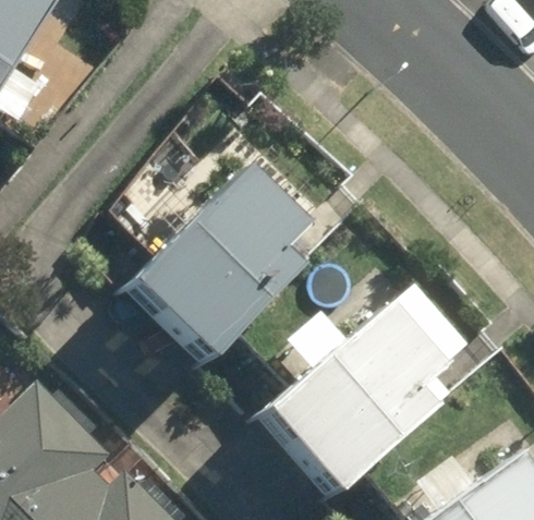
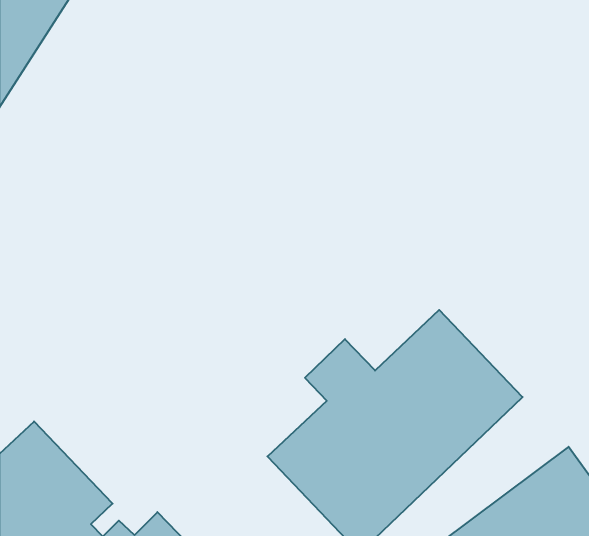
building: [117,174,320,378] -> none

